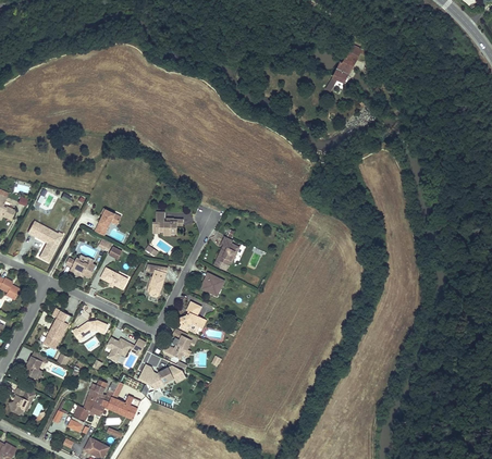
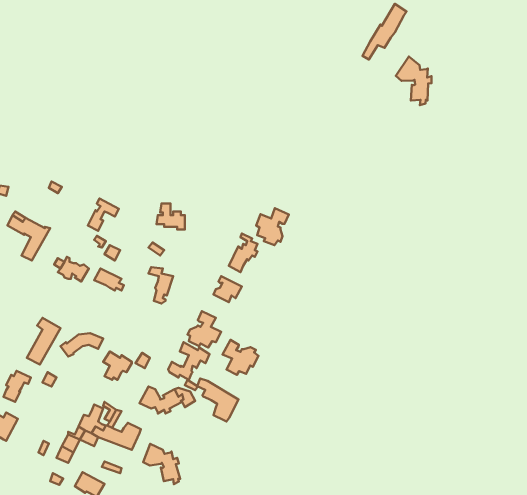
building: none -> [396,56,432,105]
building: none -> [256,208,289,245]
building: none -> [223,340,258,375]
building: none -> [197,378,239,421]
building: none -> [143,444,180,484]

